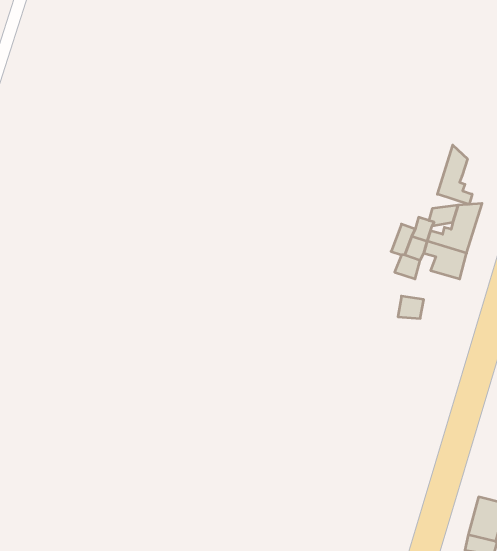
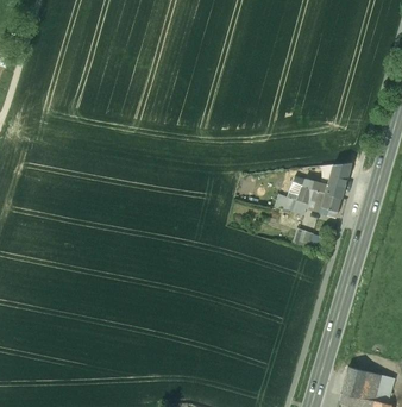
building: [437,145,472,204] -> none

